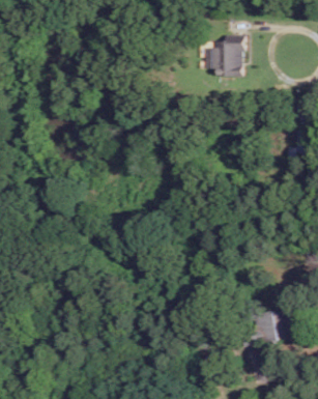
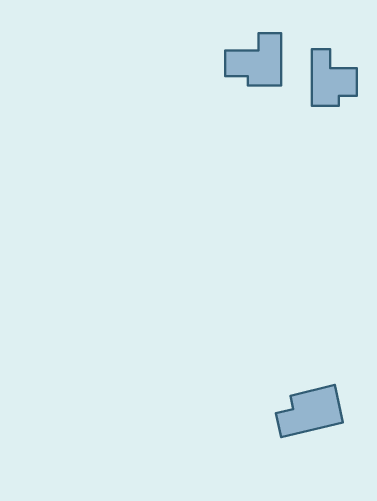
building: none -> [312,49,357,106]

